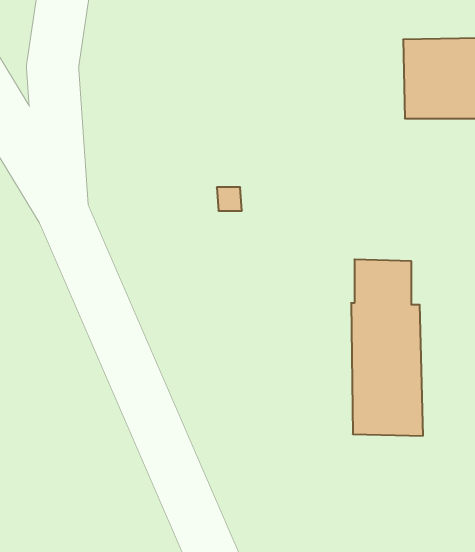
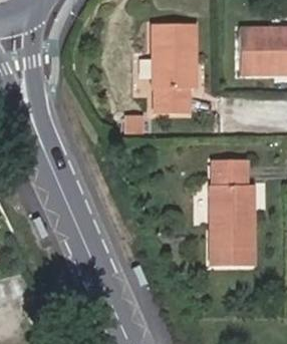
building: none -> [155,24,196,111]

